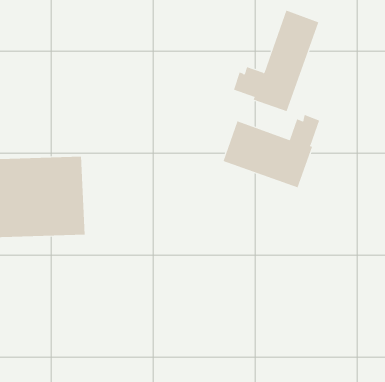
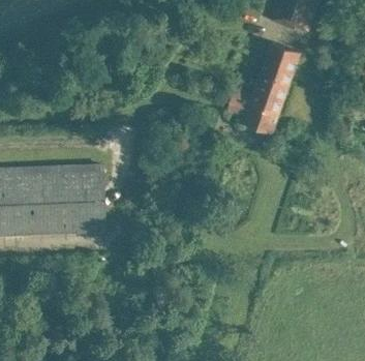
building: [223,114,320,188] -> none

